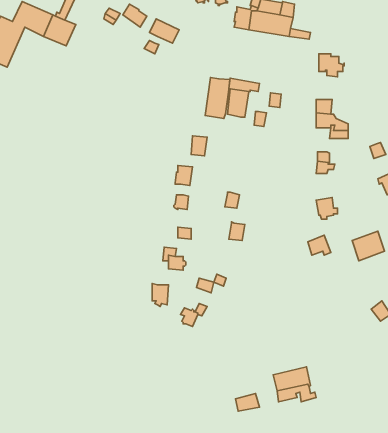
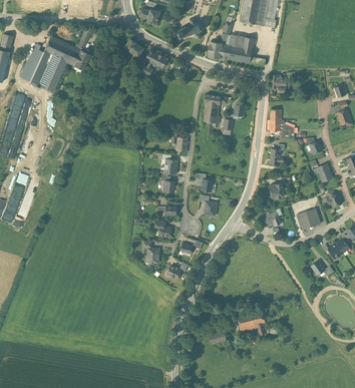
building: none -> [38,55,65,91]
building: [205,78,230,119] -> none

